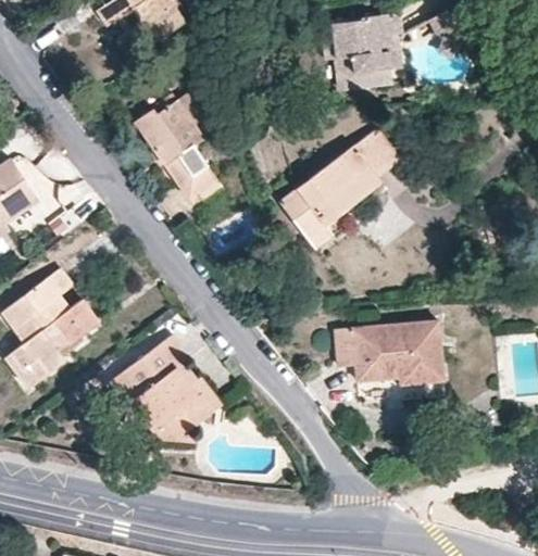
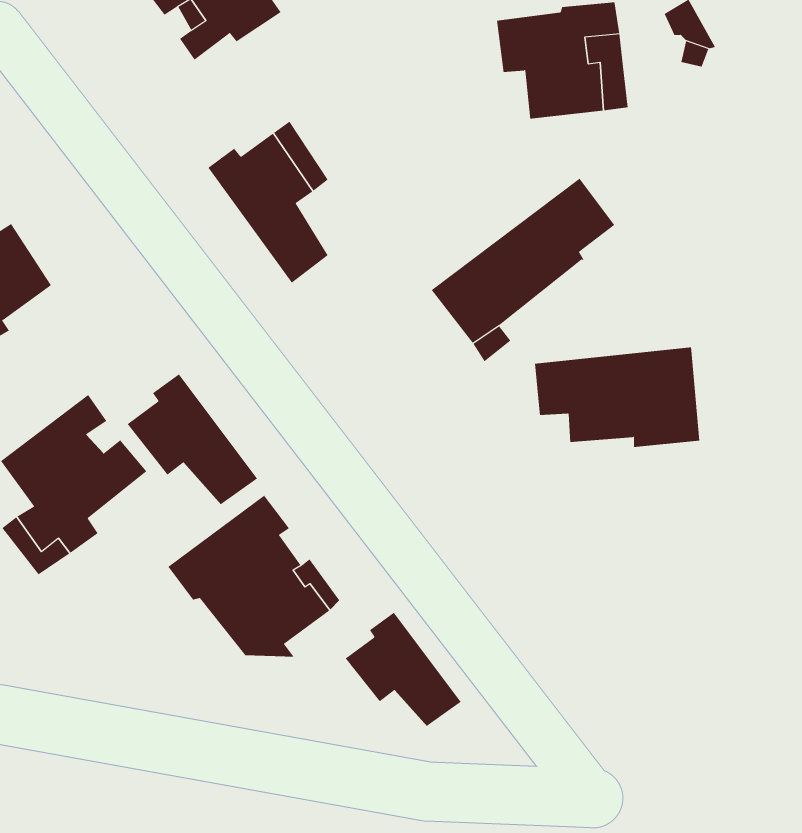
building: none -> [127,373,258,505]
building: [336,319,443,384] -> [534,347,700,447]
building: none -> [345,612,462,727]

